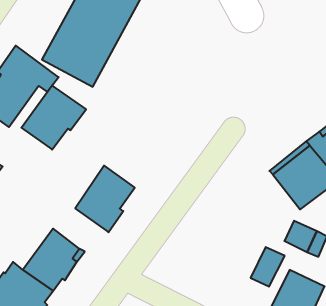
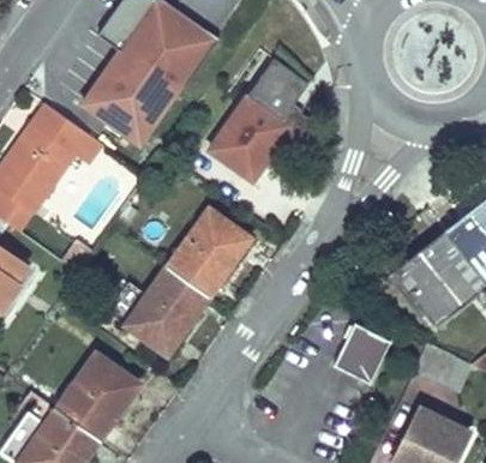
building: none -> [202,55,314,190]
building: [21,86,86,150] -> [166,208,254,295]
building: [251,247,285,287] -> [341,331,388,385]

